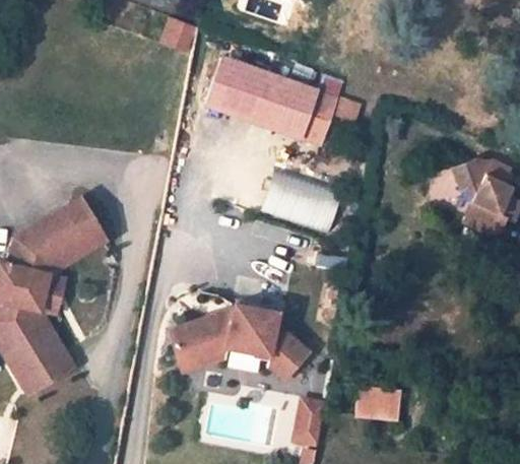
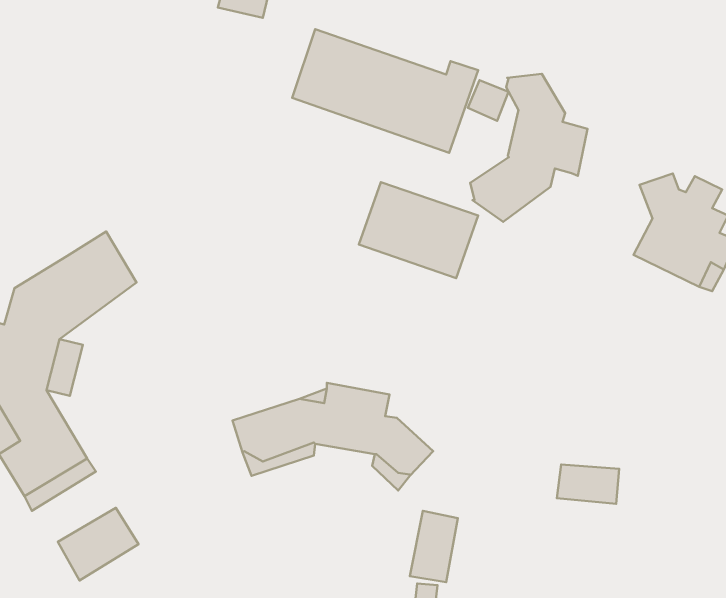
building: none -> [470,74,588,222]
building: [356,392,400,419] -> [557,465,619,504]
building: none -> [58,508,139,580]

